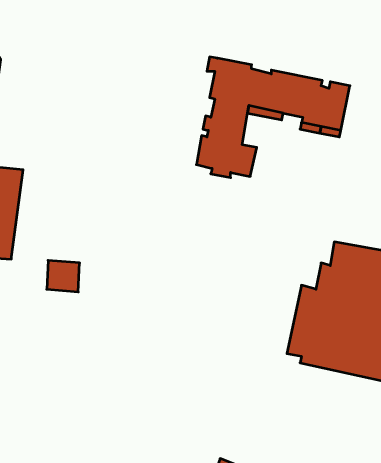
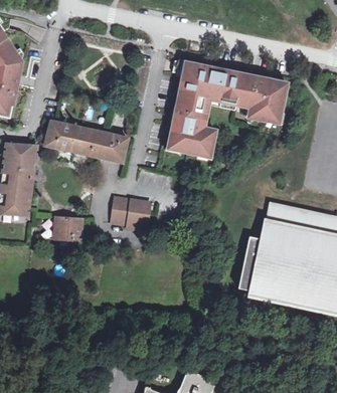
building: none -> [44,121,127,163]
building: none -> [110,198,149,231]

